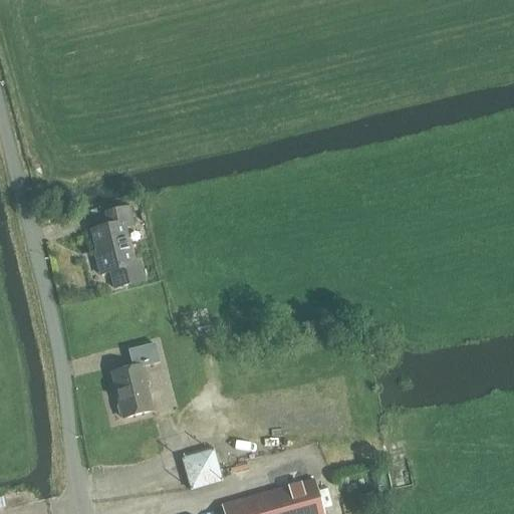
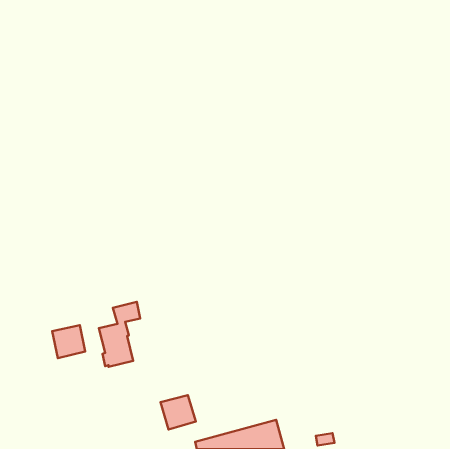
building: [91,206,146,288] -> none
building: none -> [52,325,85,358]

